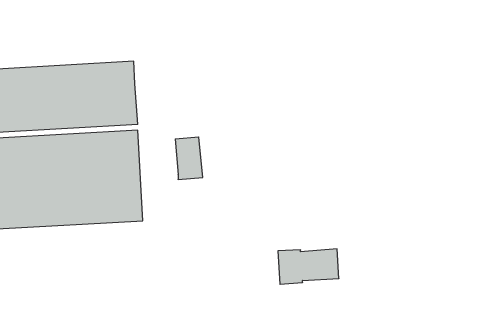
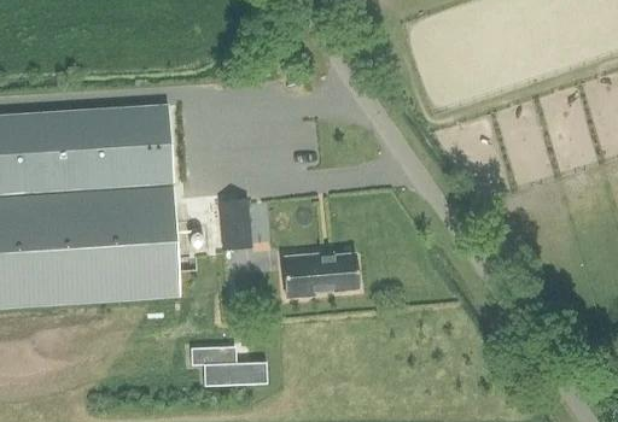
building: [278,249,339,284] -> [284,252,358,295]
building: none -> [191,345,267,385]

